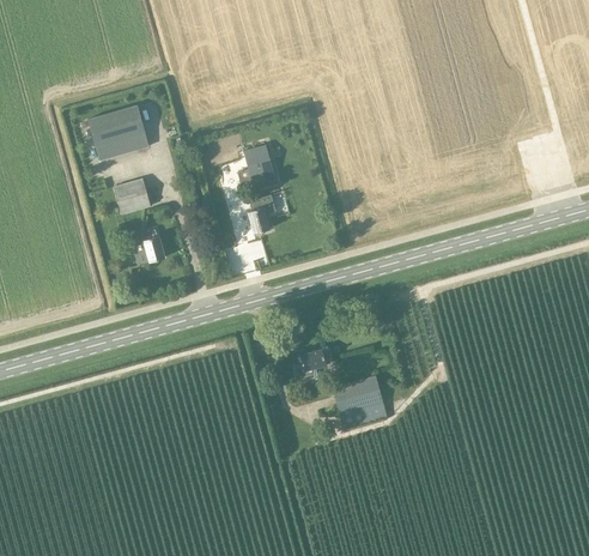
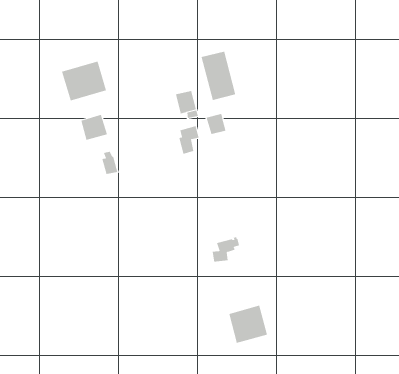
building: none -> [201,51,236,101]
building: none -> [206,113,226,135]
building: [333,375,387,428] -> [228,305,268,343]

